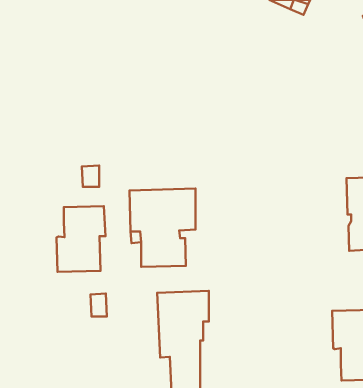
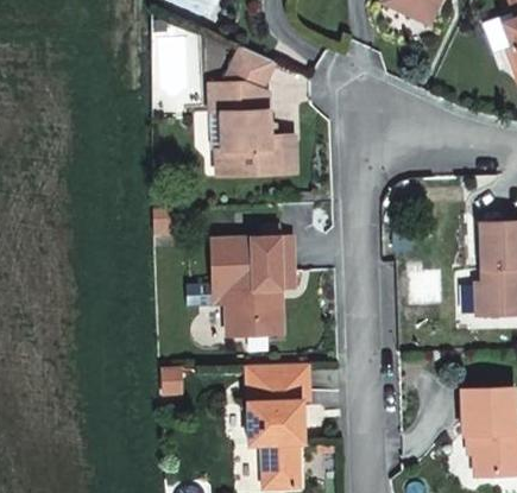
building: none -> [208,45,294,176]
building: [57,206,105,272] -> none

